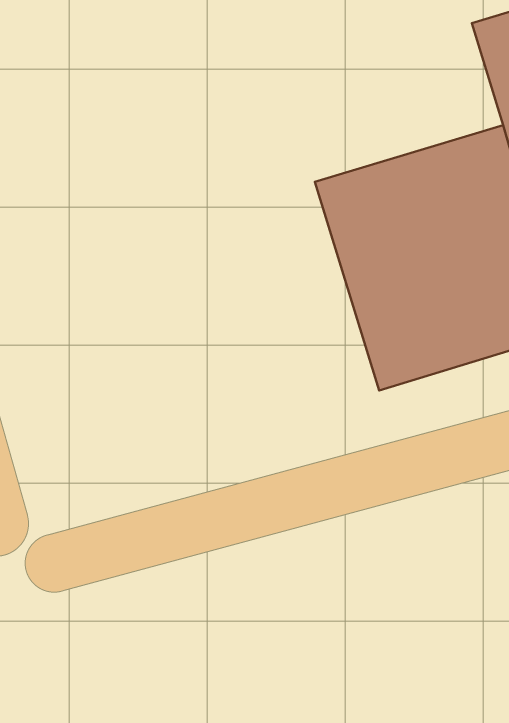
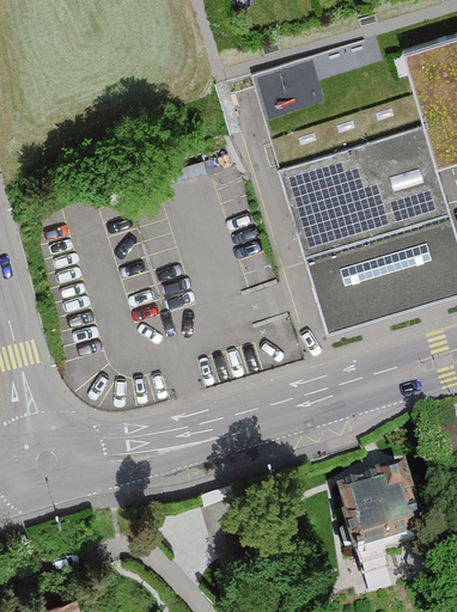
building: none -> [335,476,420,563]

